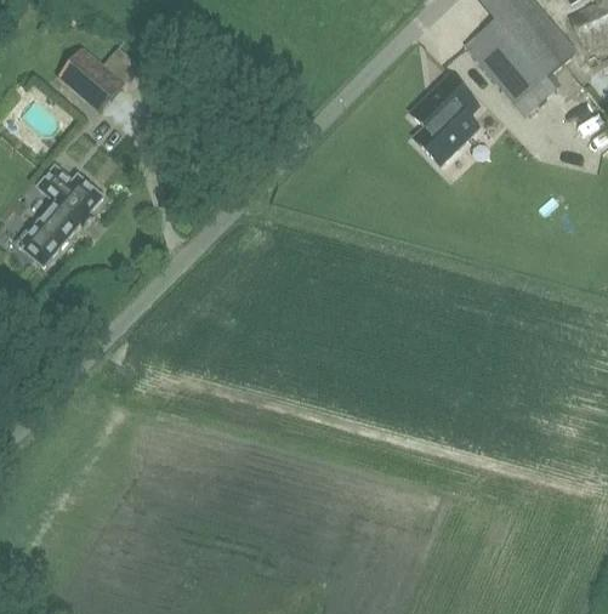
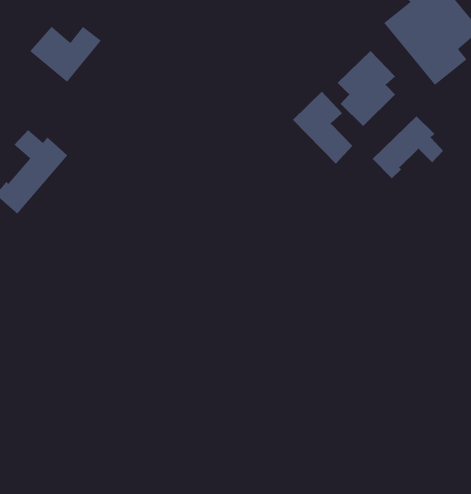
building: none -> [292,91,353,165]
building: none -> [372,115,444,179]

